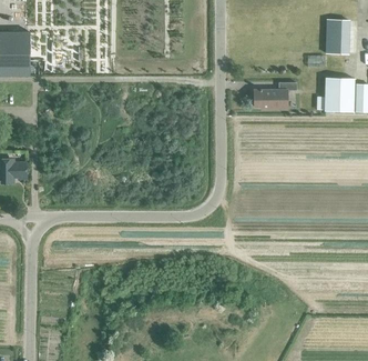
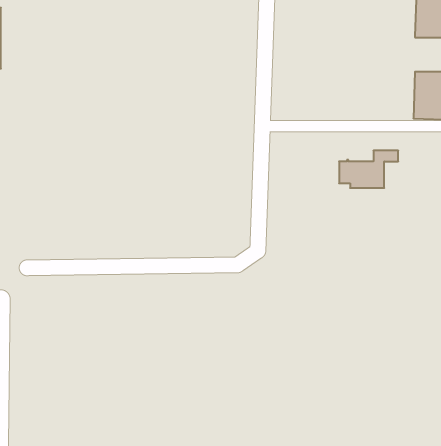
building: [254,82,296,109] -> [339,151,398,188]

